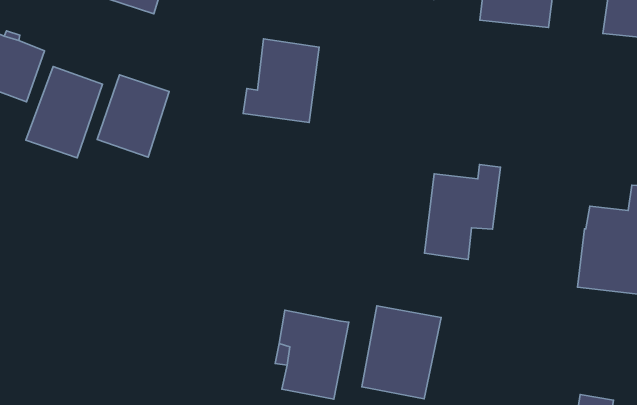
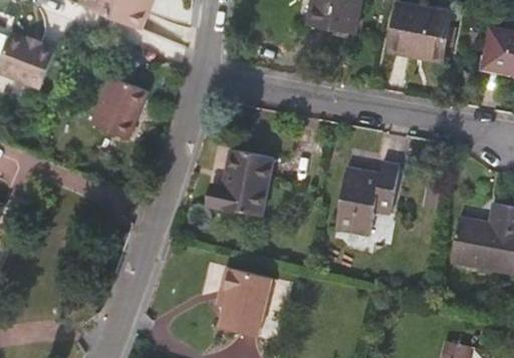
building: [243,39,319,123] -> [211,149,272,216]
building: [26,66,103,158] -> none
building: [362,306,441,399] -> none

